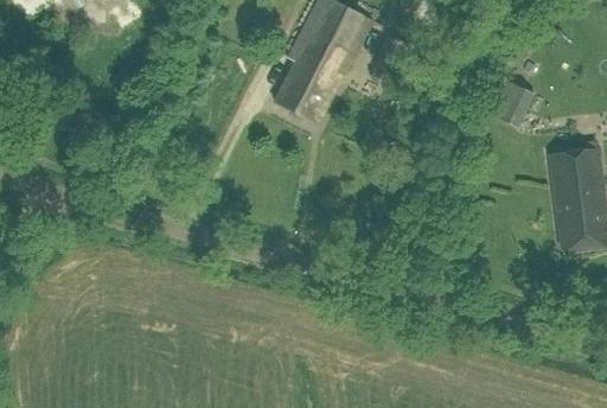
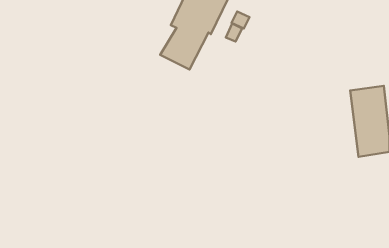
building: [490,79,531,126] -> none

